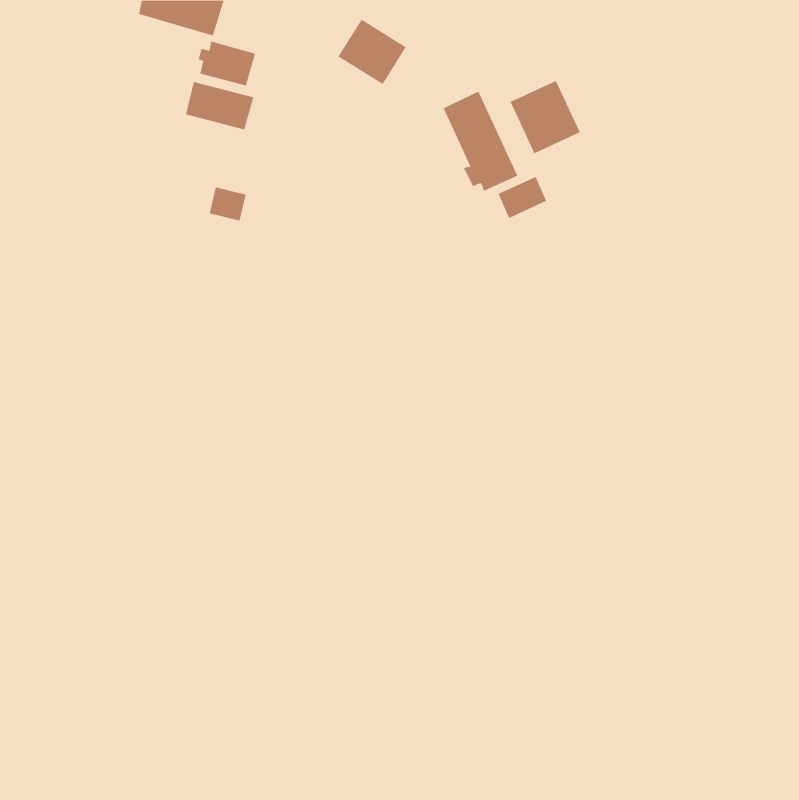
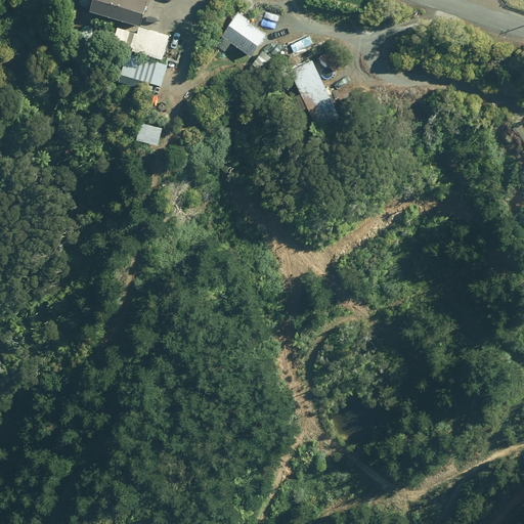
building: [510,80,580,154] -> none
building: [498,176,547,219] -> none

